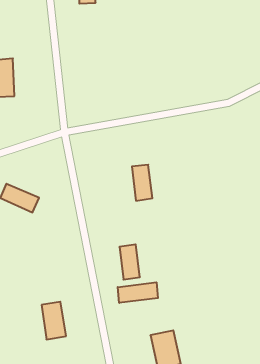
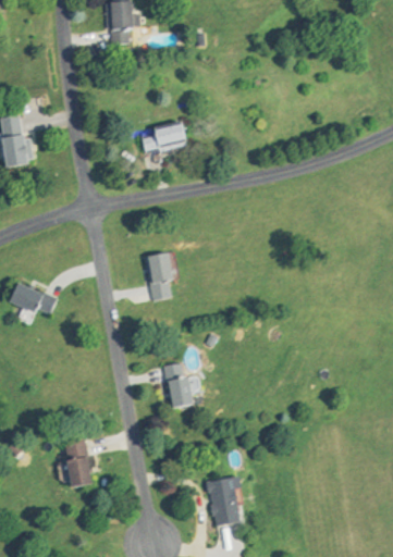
building: none -> [150,119,188,154]
building: [132,165,152,201] -> [146,251,173,299]
building: [118,282,158,303] -> none

